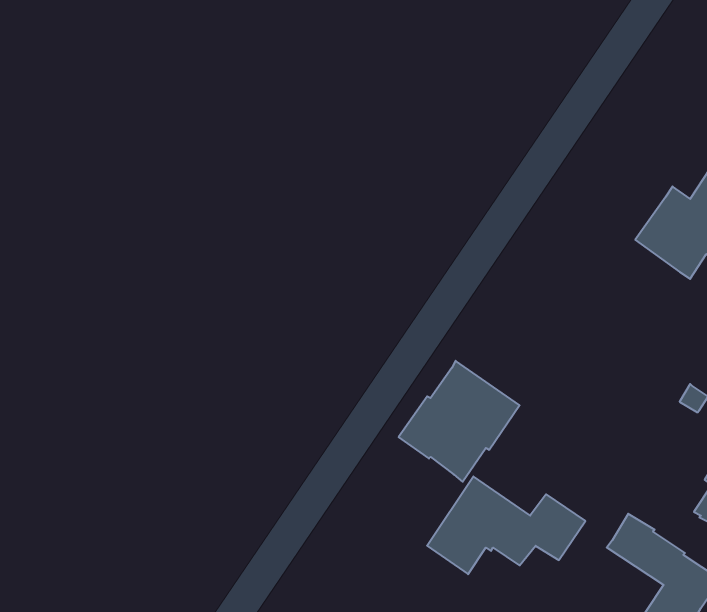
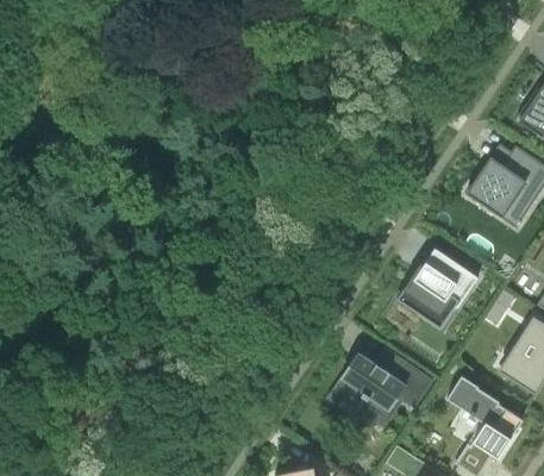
building: [399,361,520,482] -> [398,248,479,328]

